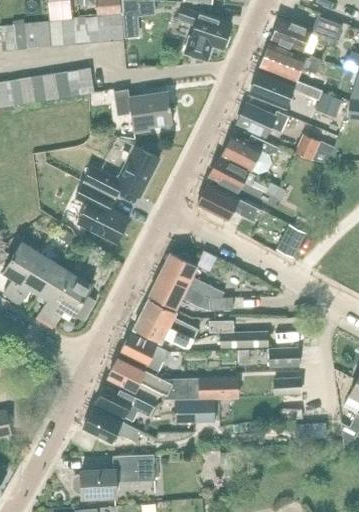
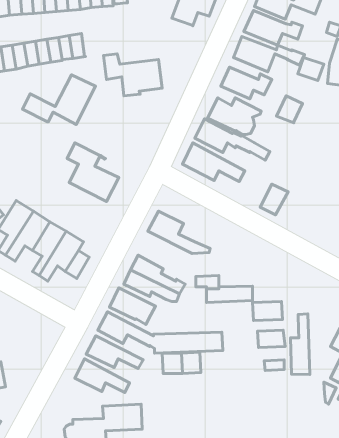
building: [83,146,159,198] -> [22,75,95,125]
building: [149,274,232,310] -> none
building: none -> [291,314,310,374]

